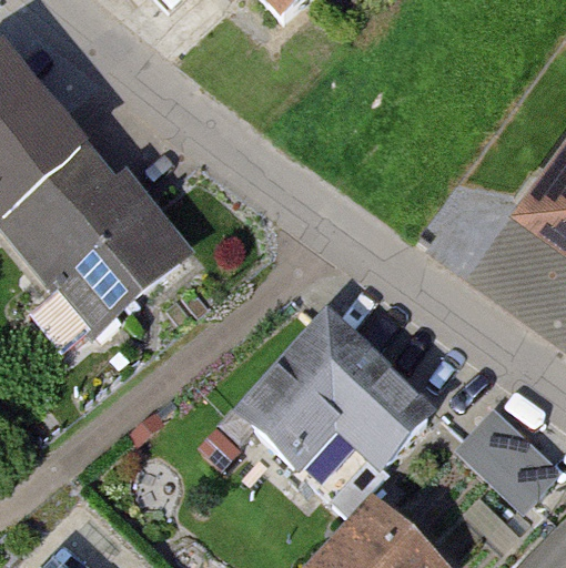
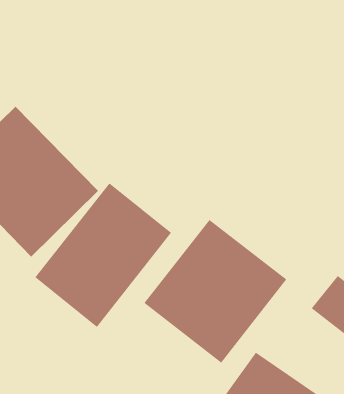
building: none -> [35,182,172,328]

